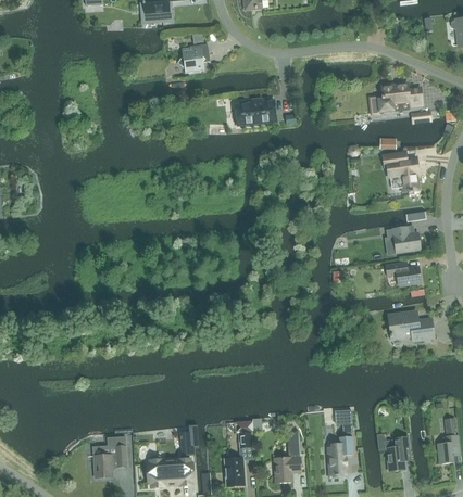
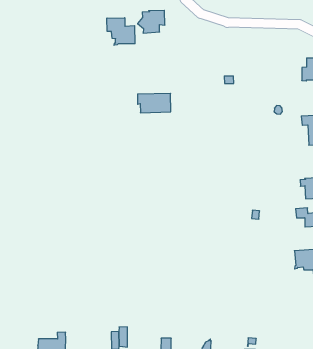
building: none -> [107,18,135,45]
building: [234,99,275,125] -> [138,93,171,113]

